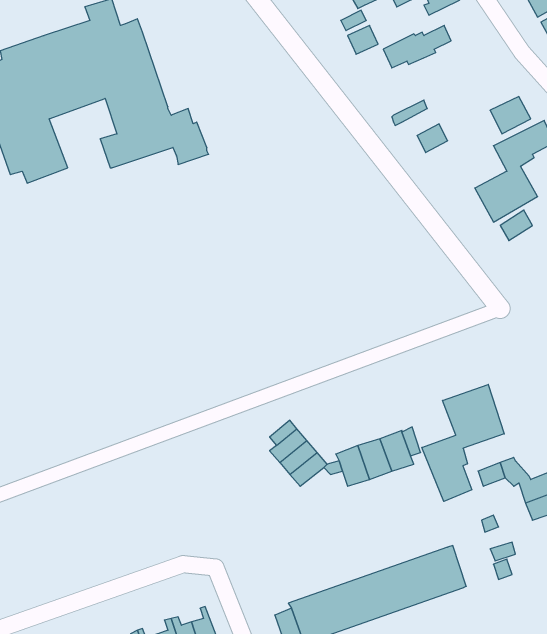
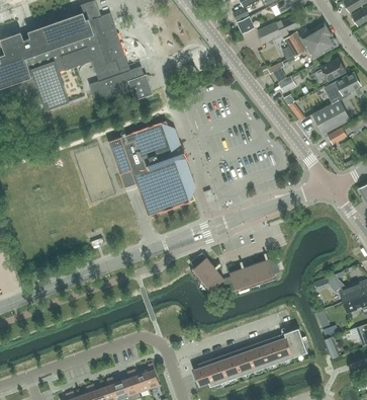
building: none -> [285,21,338,59]
building: none -> [108,121,194,216]
building: [422,384,504,501] -> none

